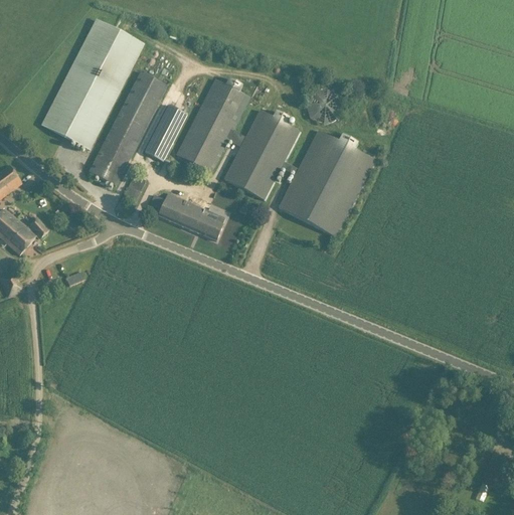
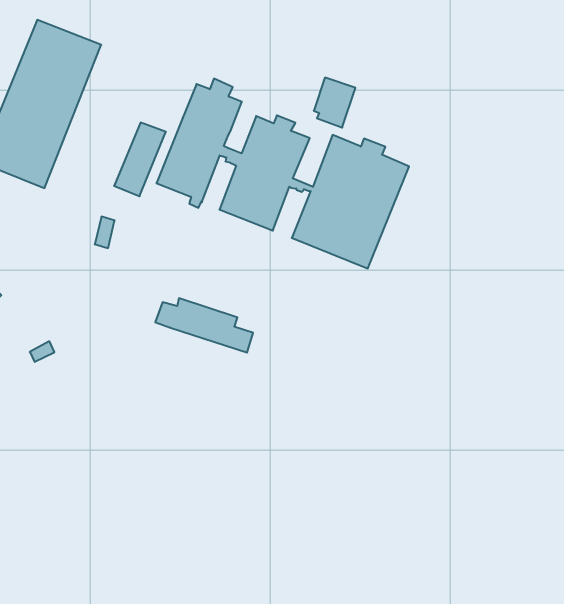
building: [89,70,166,184] -> none
building: [147,192,222,239] -> [155,298,253,353]

